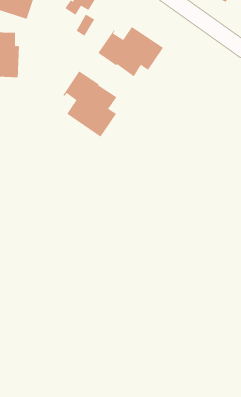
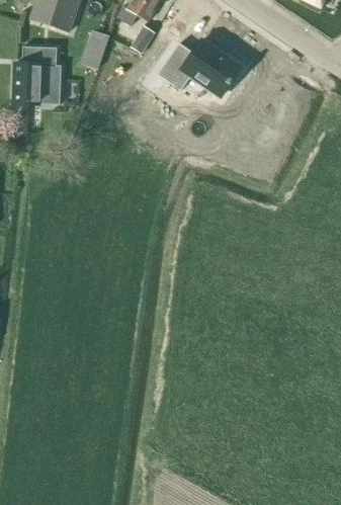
building: none -> [83,29,109,67]
building: [63,71,117,137] -> none

